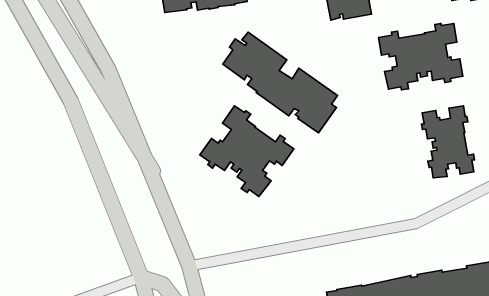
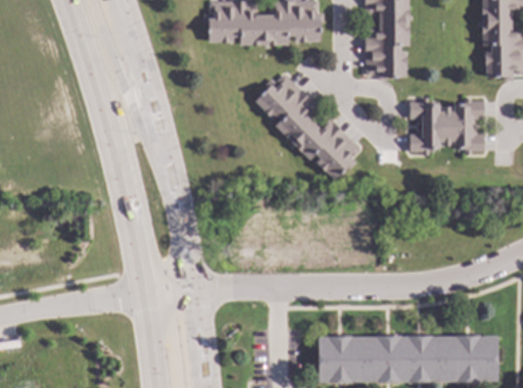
building: [200,106,294,197] -> none
building: [422,106,474,178] -> none

